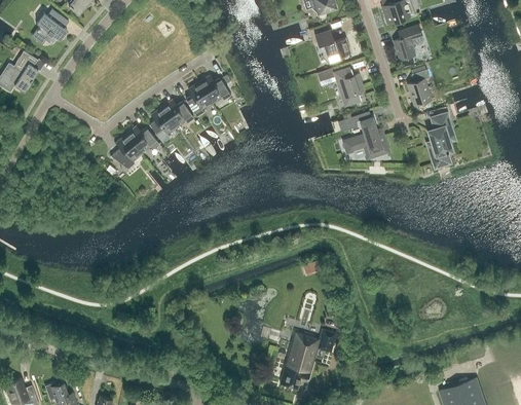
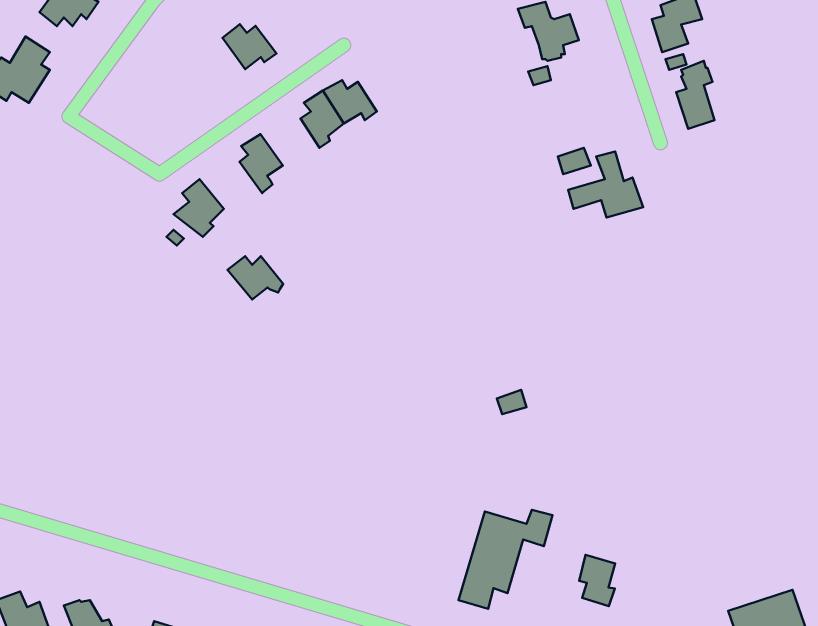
building: [336,69,363,106] -> none
building: [162,101,194,127] -> [223,24,276,69]
building: [429,113,454,164] -> none
building: [126,127,159,153] -> [228,256,283,300]
building: none -> [579,555,615,606]

